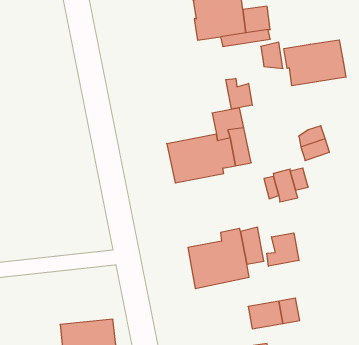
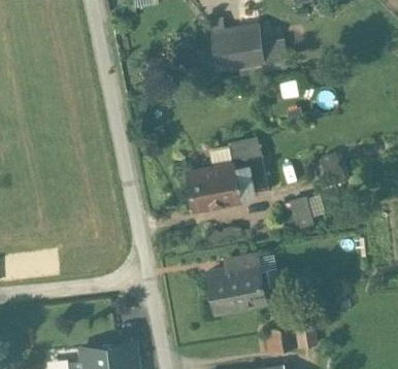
building: [284,40,346,86] -> none
building: [226,78,252,109] -> none
building: [267,233,299,266] -> none

